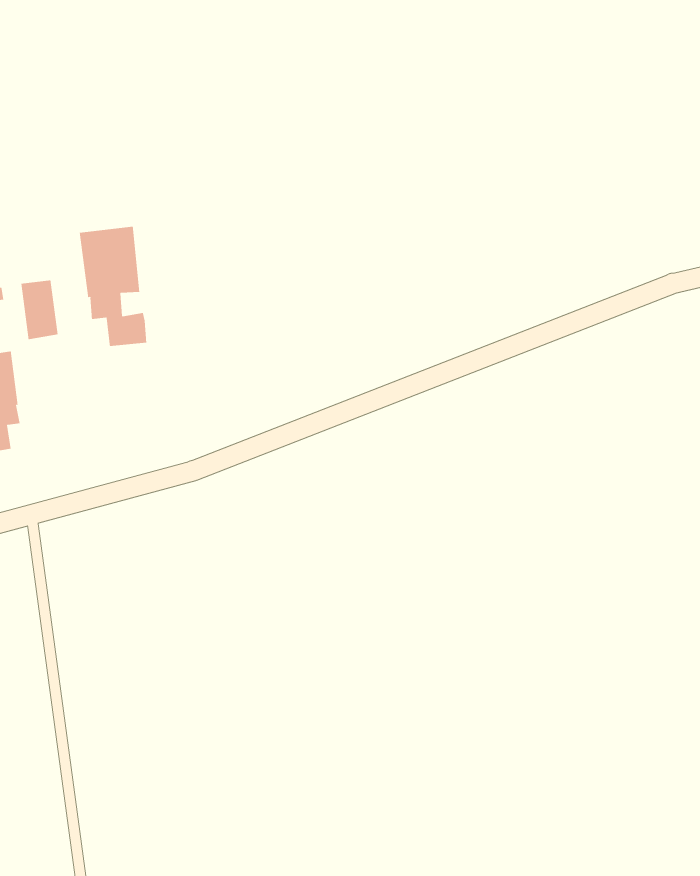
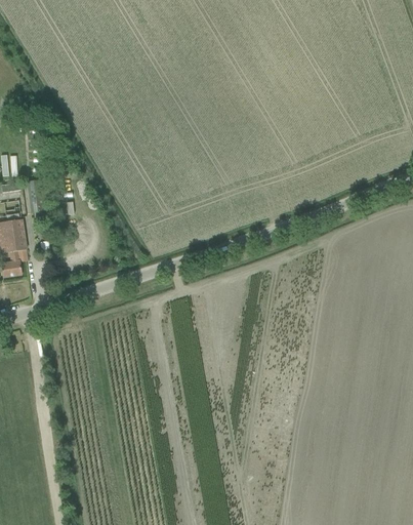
building: [79,226,147,347] -> none

